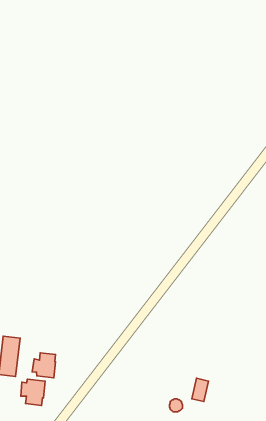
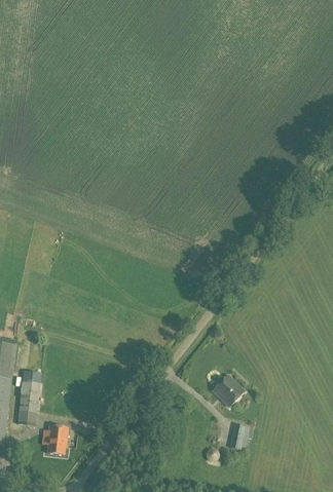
building: none -> [213,373,245,406]
building: [32,353,56,378] -> none

